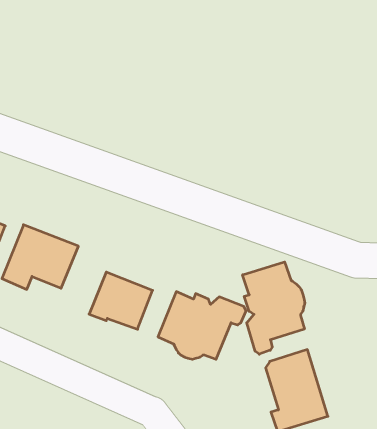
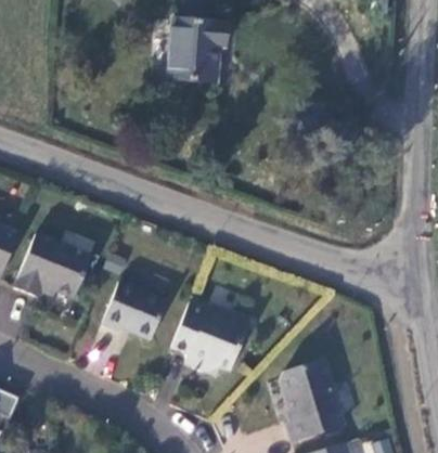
building: none -> [172,18,230,82]
building: [243,262,305,354] -> none

